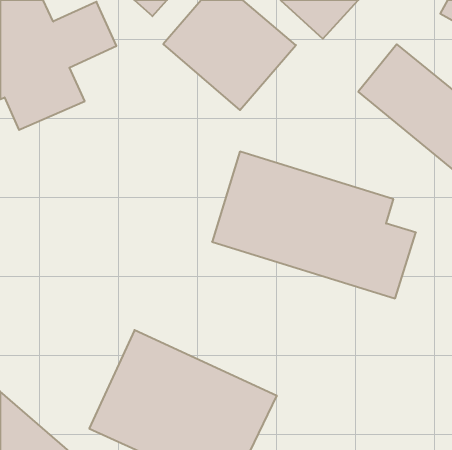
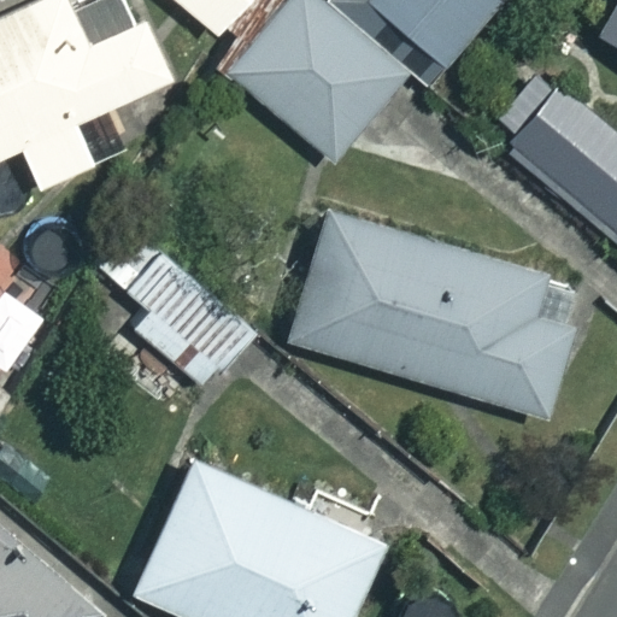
building: none -> [101,230,253,387]

